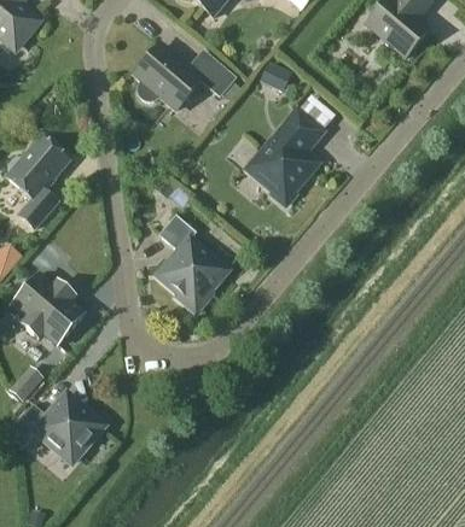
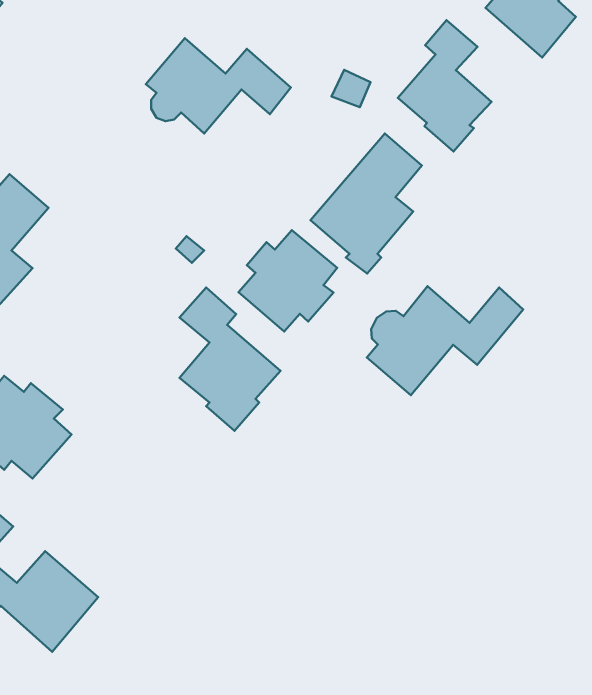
building: none -> [398,20,491,151]
building: none -> [238,230,337,331]
building: none -> [367,286,523,395]

